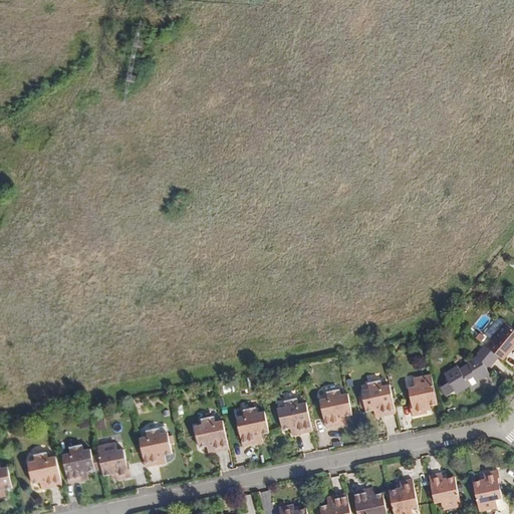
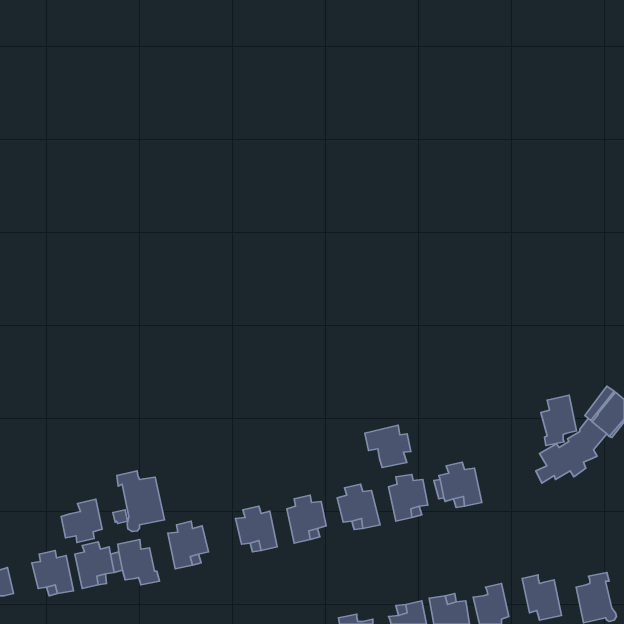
building: none -> [365,425,411,467]
building: [407,373,436,415] -> [541,395,576,446]
building: none -> [117,471,165,532]
building: none -> [61,499,102,542]

